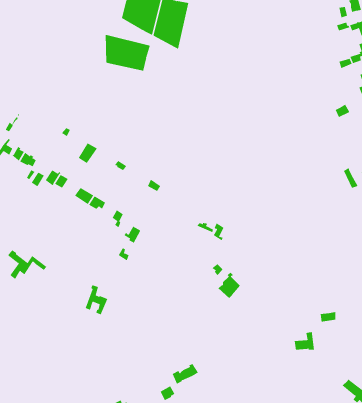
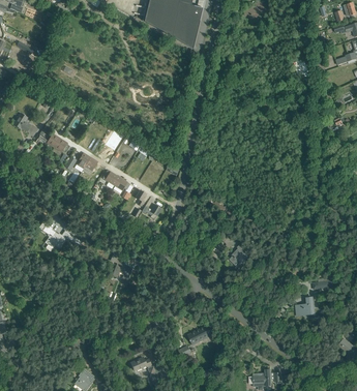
building: [105,34,150,72] -> none

